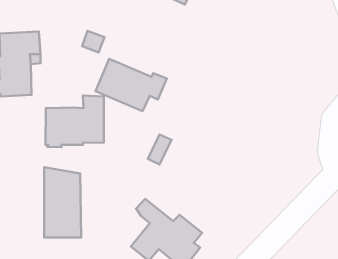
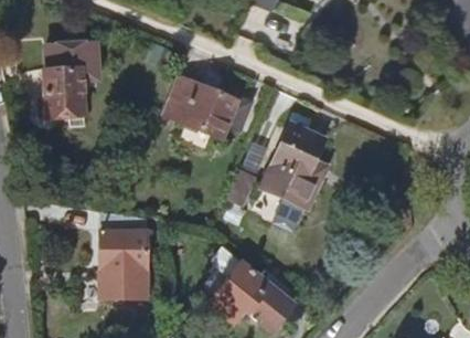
building: [46,96,104,147] -> none
building: none -> [261,122,325,209]

